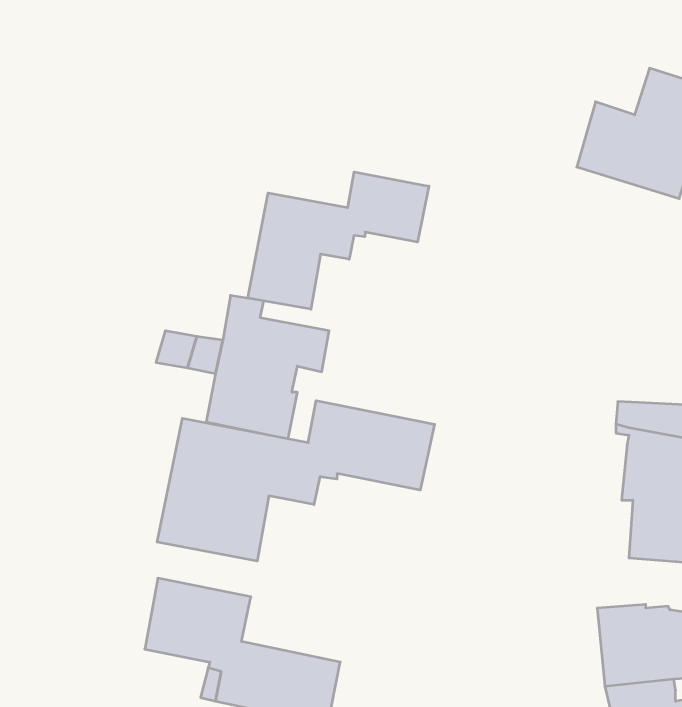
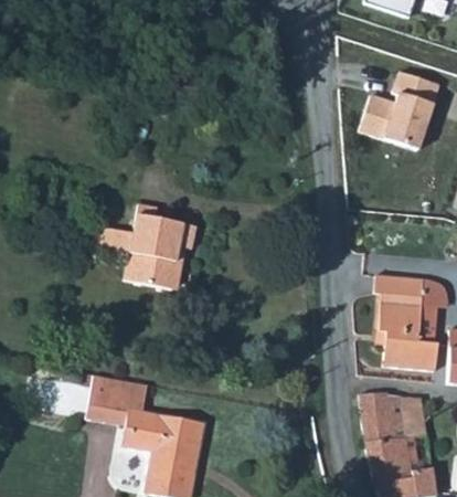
building: [248,172,429,309] -> none
building: [157,401,435,561] -> none

